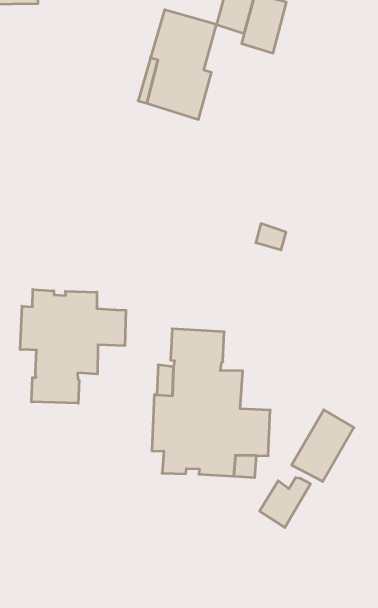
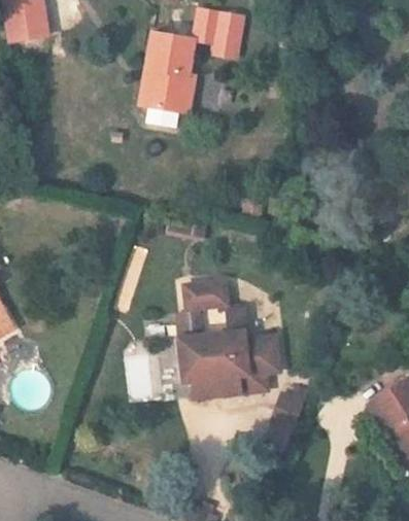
building: [20,289,126,403] -> none
building: [292,410,354,482] -> none

